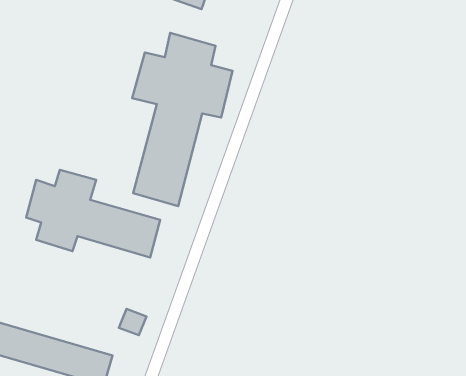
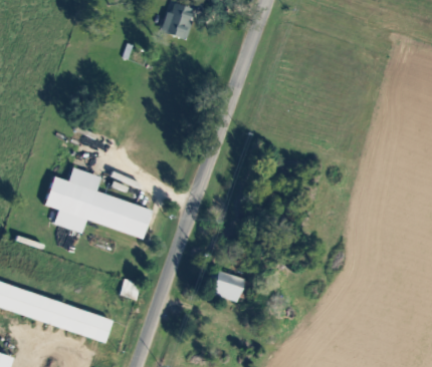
building: [132,33,232,206] -> none
building: none -> [213,272,245,301]

